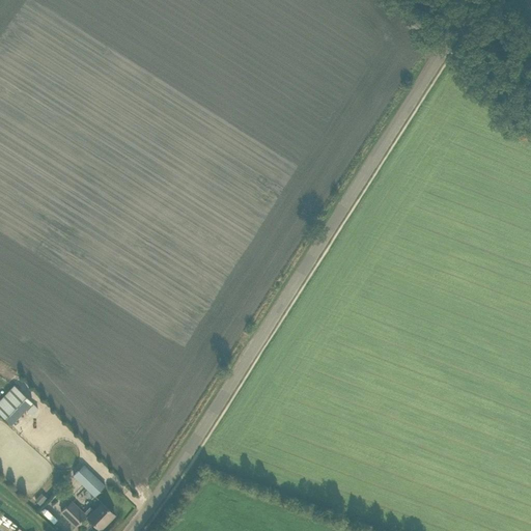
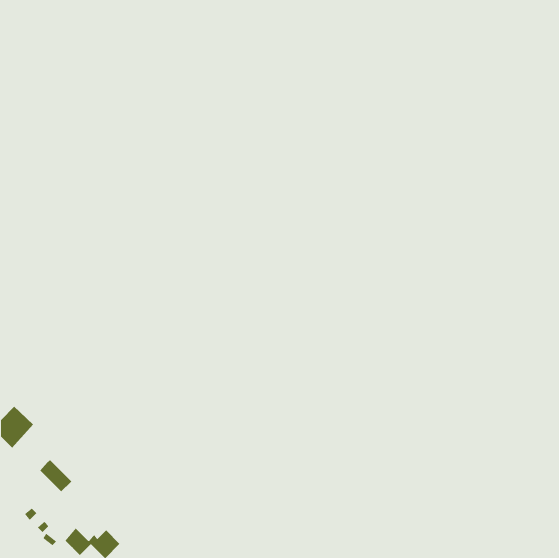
building: [74,466,105,497] -> [39,459,72,492]

